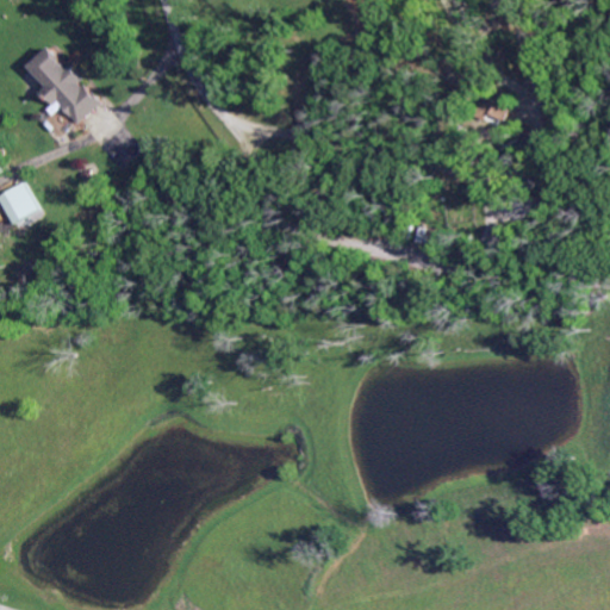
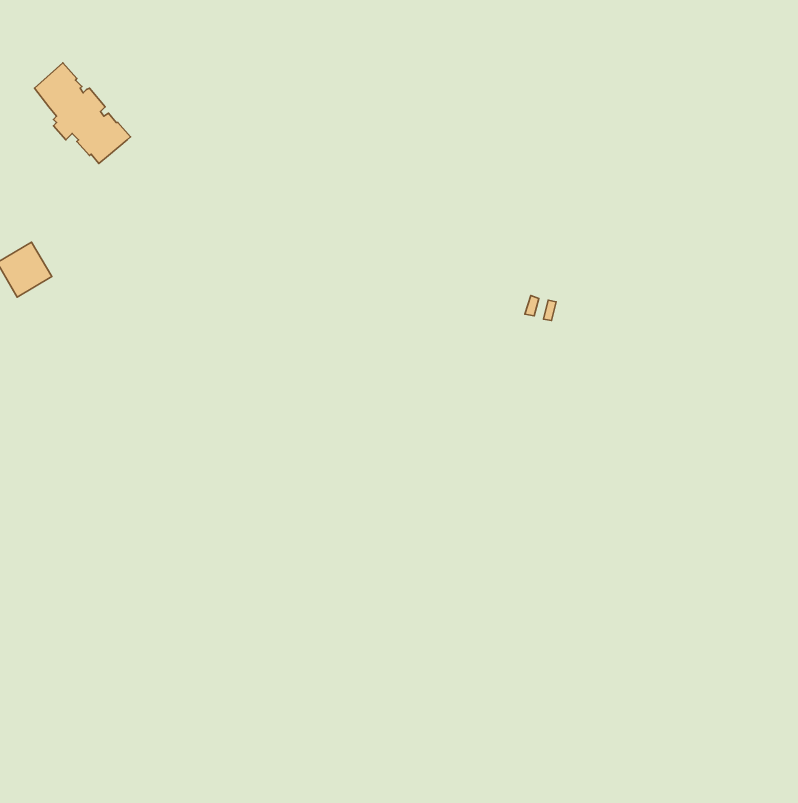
building: [471,97,509,122] -> none

